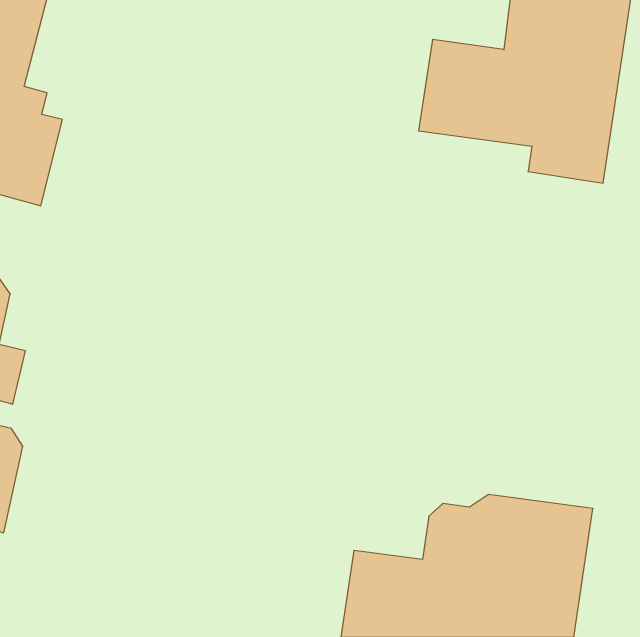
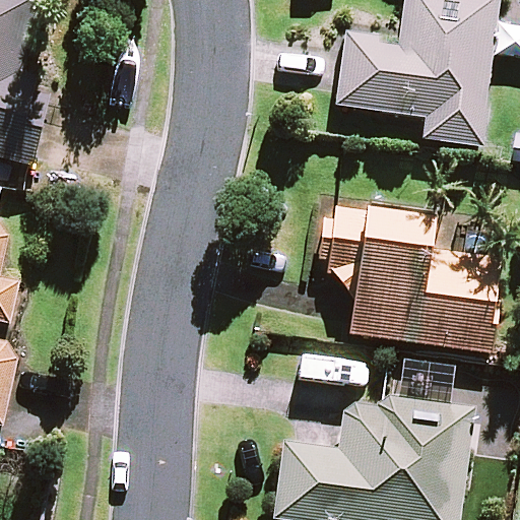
building: none -> [316,205,501,352]

